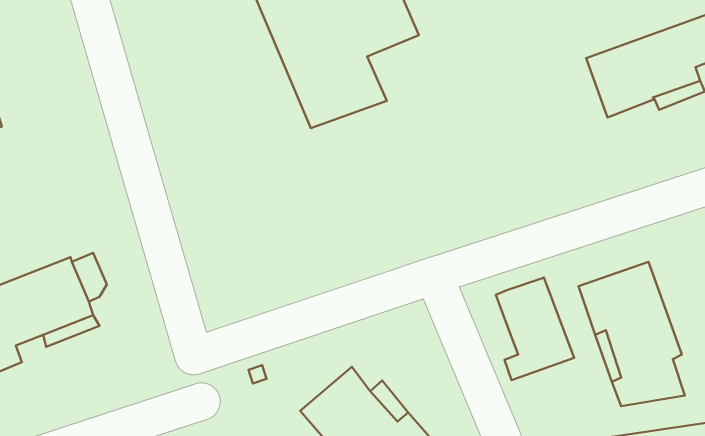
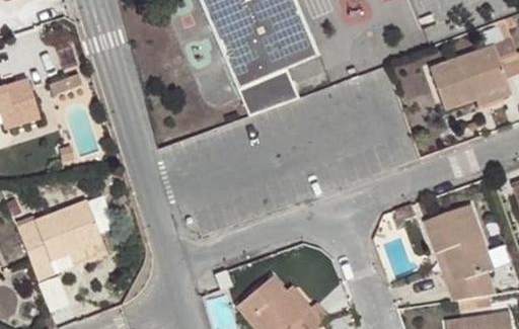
building: [496,277,574,380] -> none

